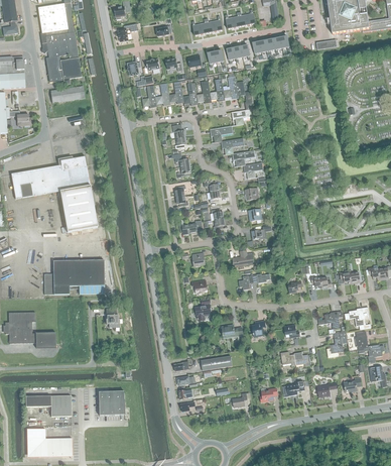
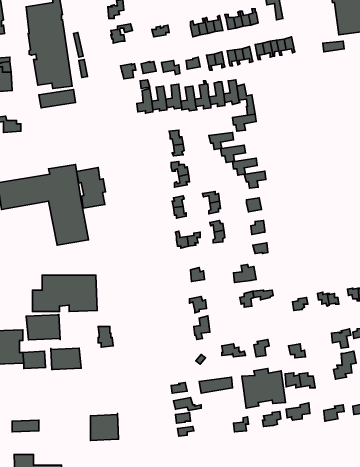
building: none -> [77,168,106,208]
building: none -> [26,315,60,340]
building: none -> [51,348,81,370]
building: none -> [242,368,285,408]
building: [49,395,71,416] -> none

